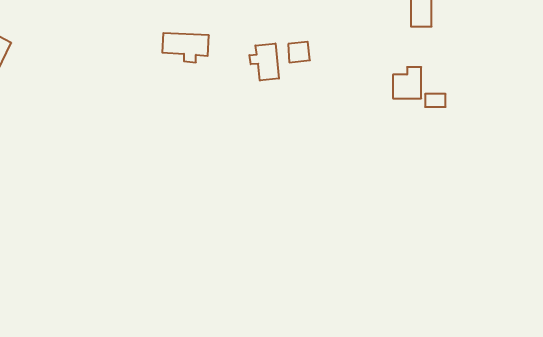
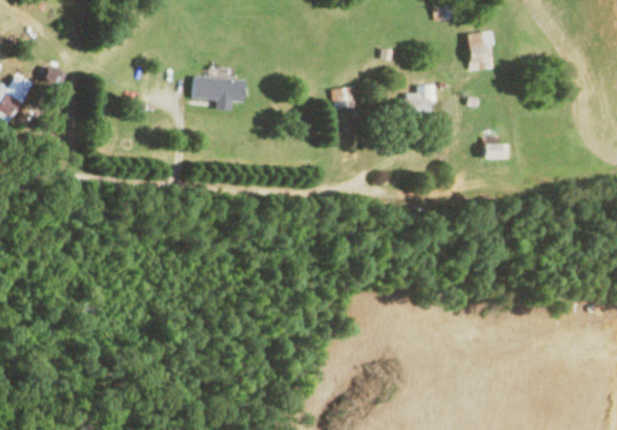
building: [249,43,279,81] -> none
building: [393,67,421,98] -> [401,84,433,119]

